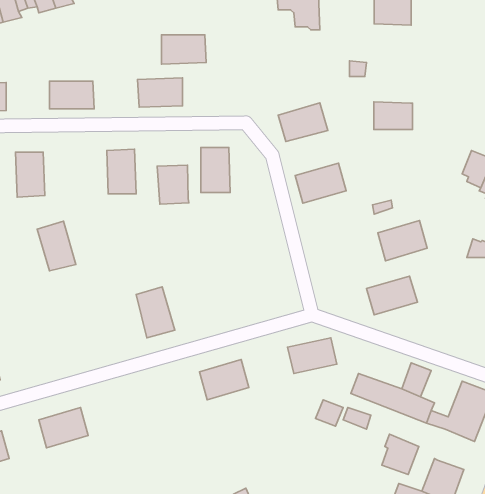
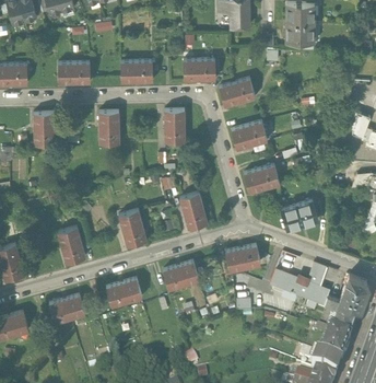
building: [162,35,206,64] -> [184,59,215,80]
building: [374,102,412,130] -> [286,22,314,42]
building: [157,165,189,204] -> none
building: [378,220,427,261] -> [244,163,279,192]
building: [37,221,76,271] -> [57,225,84,260]
building: none -> [179,190,207,227]
building: none -> [106,277,141,304]
building: [382,434,419,474] -> [331,309,357,337]

